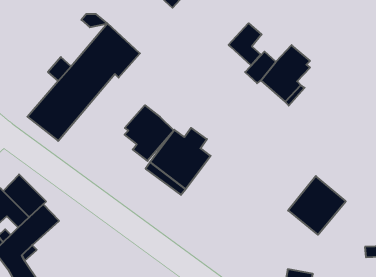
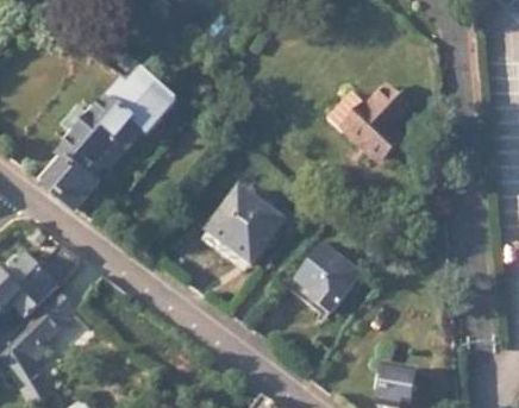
building: [229,23,262,66] -> none
building: [125,105,174,161] -> none
building: [288,176,346,235] -> [287,241,361,316]

